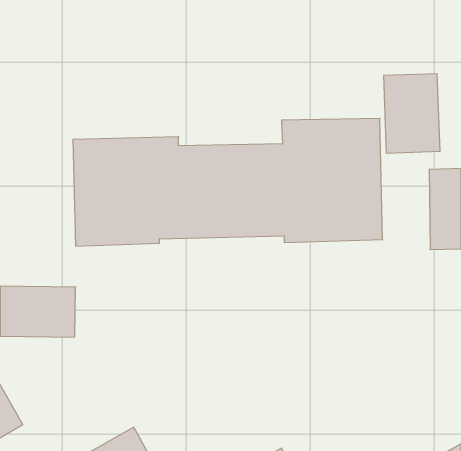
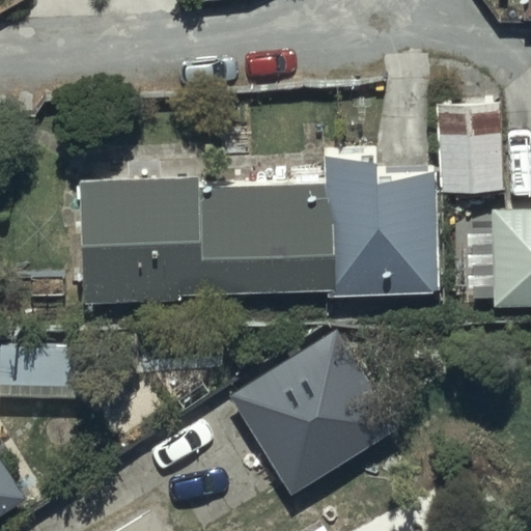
building: none -> [229,326,398,491]

